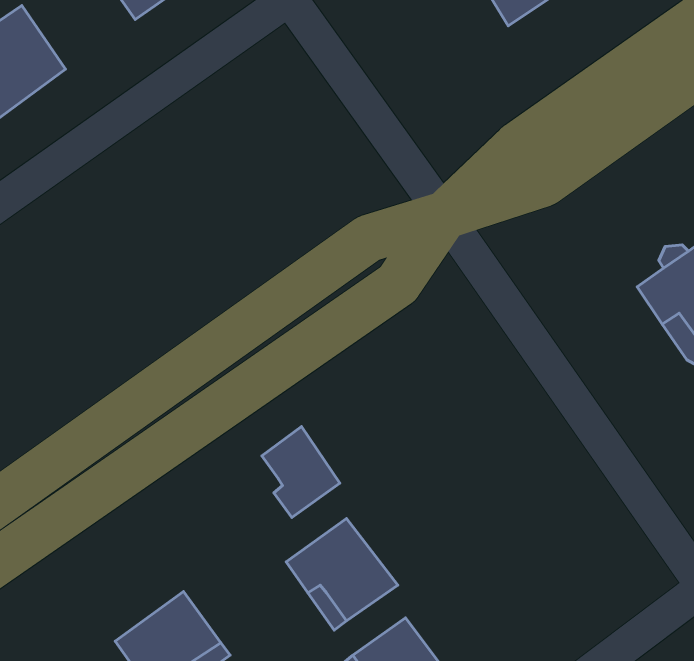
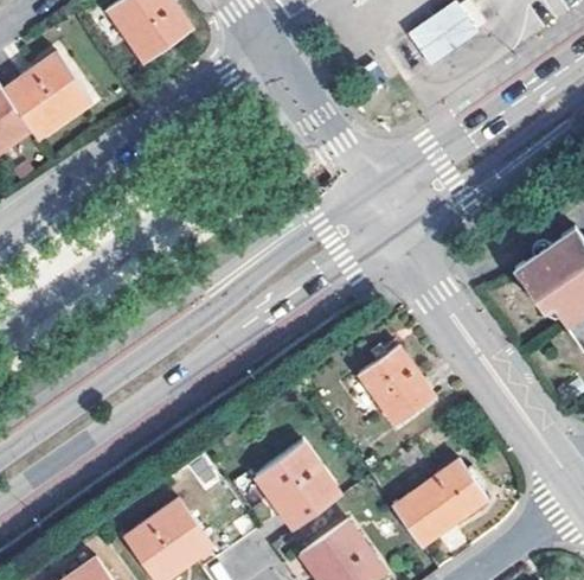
building: none -> [359,344,435,426]
building: [262,426,340,518] -> none
building: none -> [392,459,487,546]

